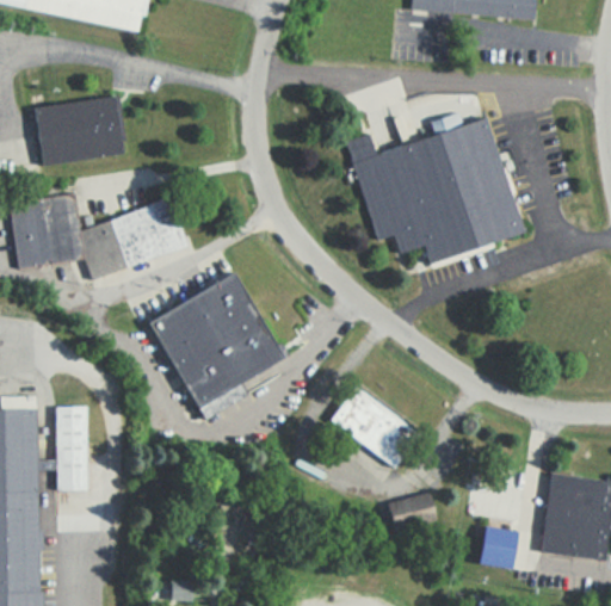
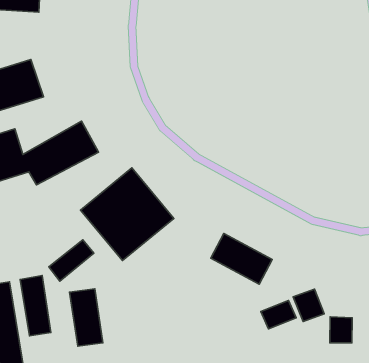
building: [344,112,521,264] -> none
building: none -> [49,240,94,281]
building: none -> [70,289,103,346]
building: none -> [293,289,324,322]

